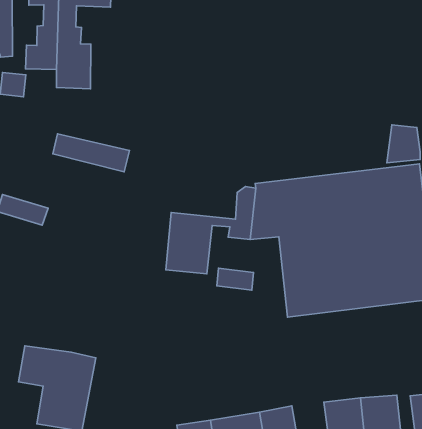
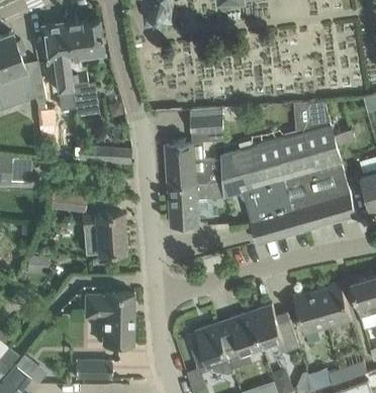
building: none -> [165,115,223,187]
building: none -> [82,213,123,255]

